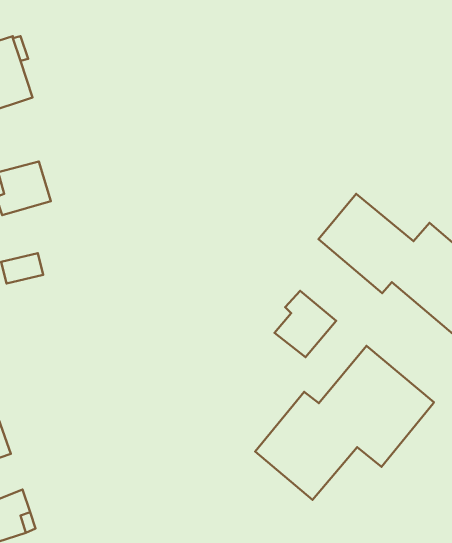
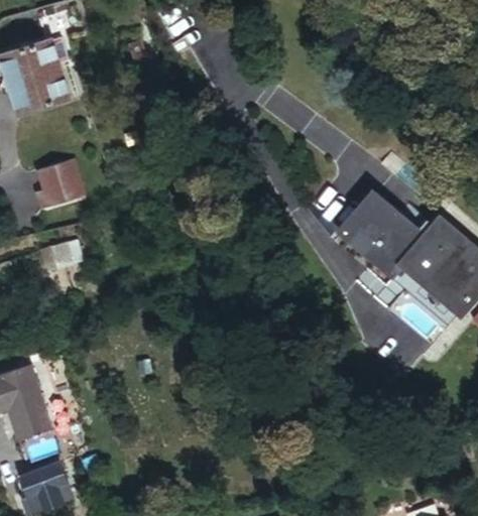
building: [274,291,336,357] -> none
building: [255,346,434,500] -> none

